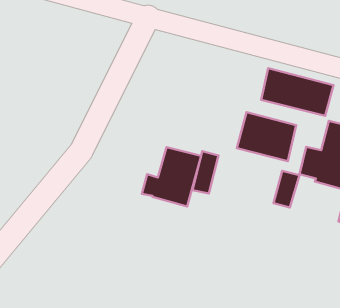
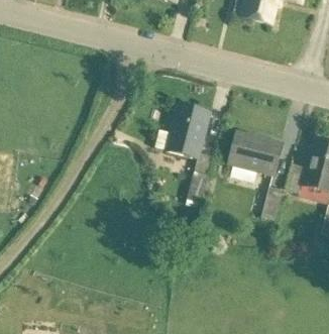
building: [261,68,334,116] -> none
building: [142,147,201,207] -> [153,103,209,158]

